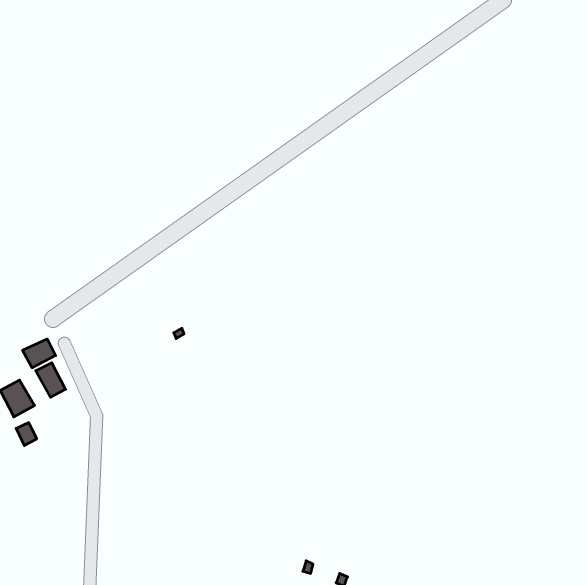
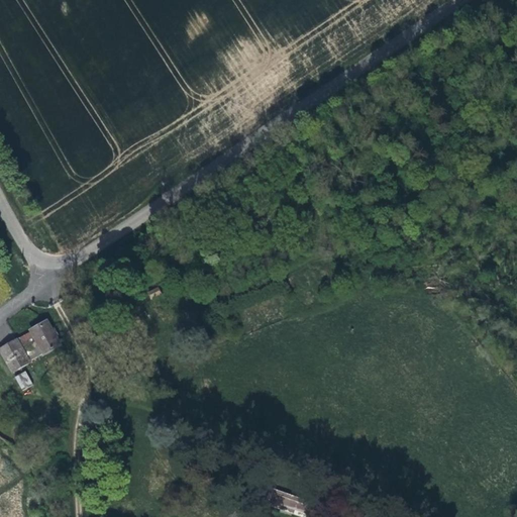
building: [23,339,56,368] -> none

